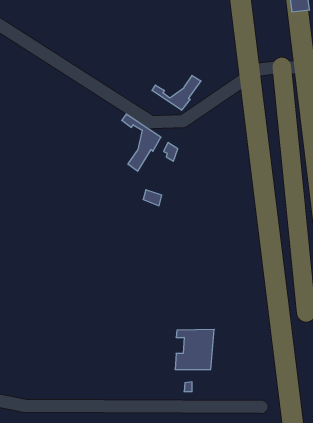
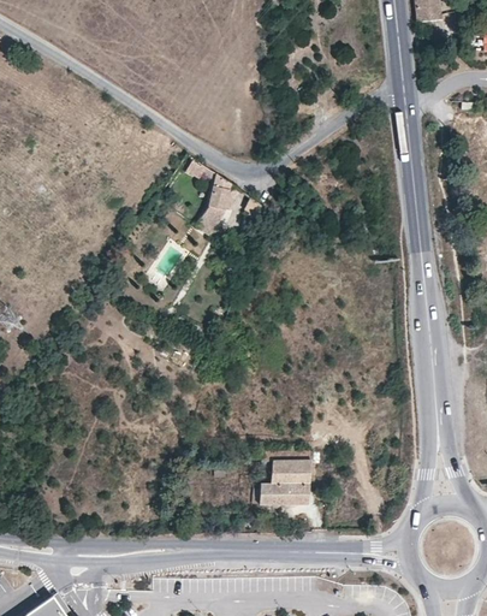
building: [152,75,201,110] -> none

